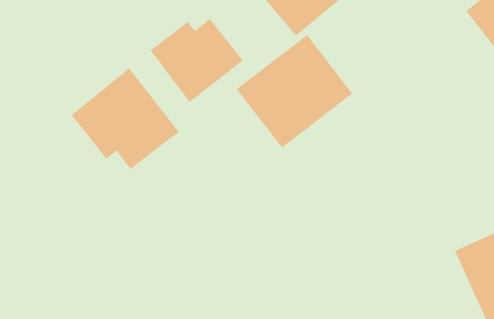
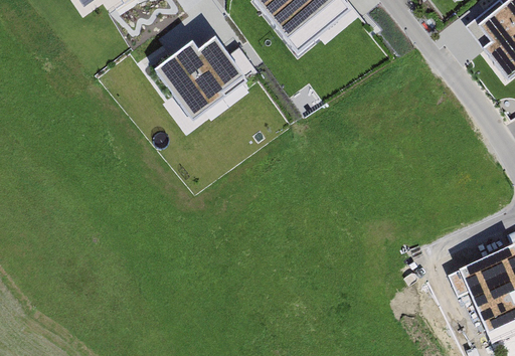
building: [236,34,353,149] -> none
building: [71,68,180,170] -> none

